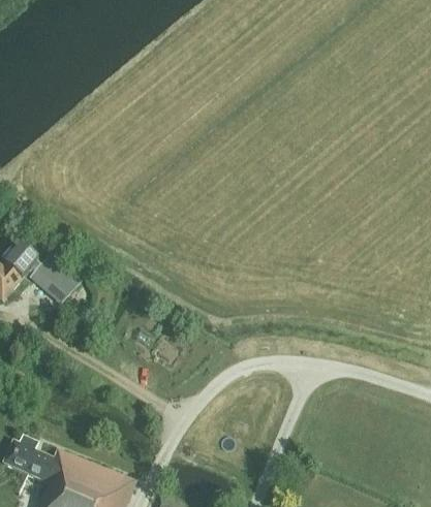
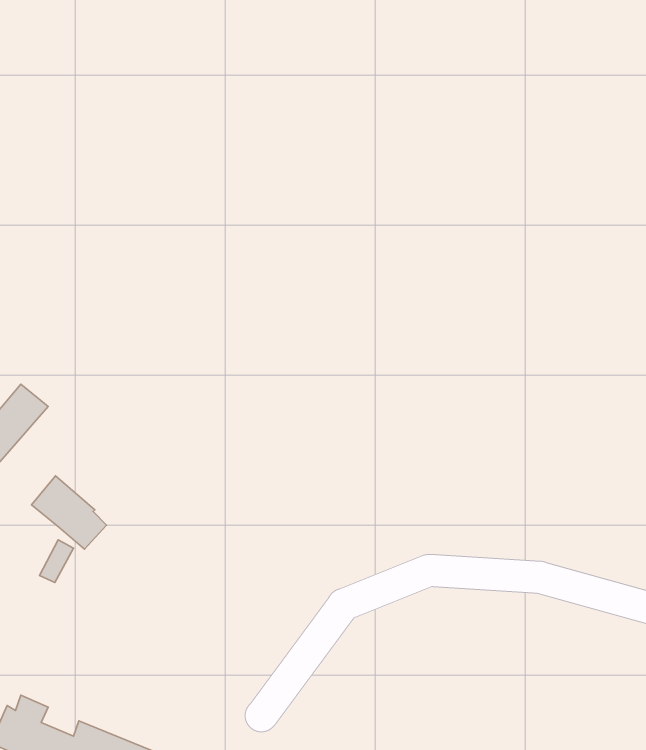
building: [34,255,80,299] -> [32,476,107,549]

